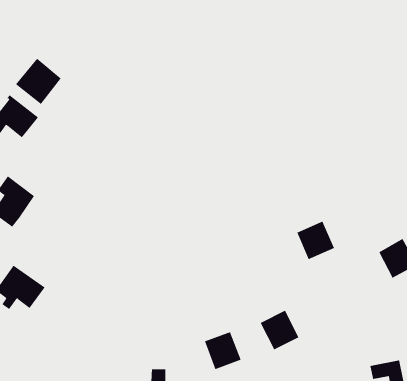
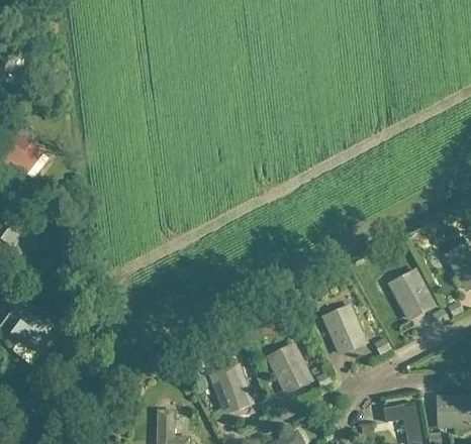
building: [15,58,62,105] -> none
building: [297,221,335,260] -> [325,312,365,352]

